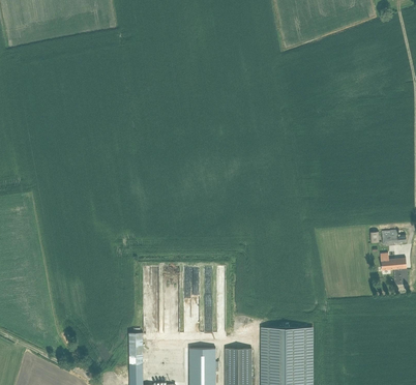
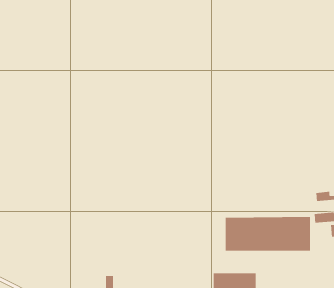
building: none -> [225,216,311,252]

